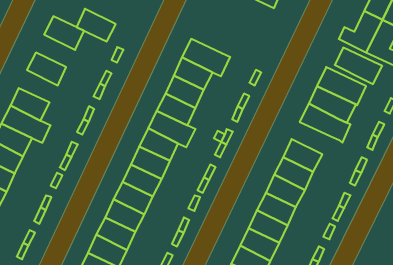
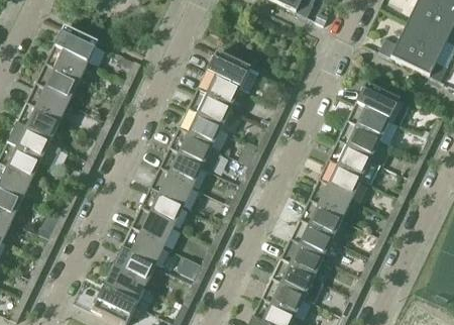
building: [77,9,116,42] -> [46,44,90,81]
building: [335,48,382,84] -> [329,141,381,182]
building: none -> [27,84,71,120]

